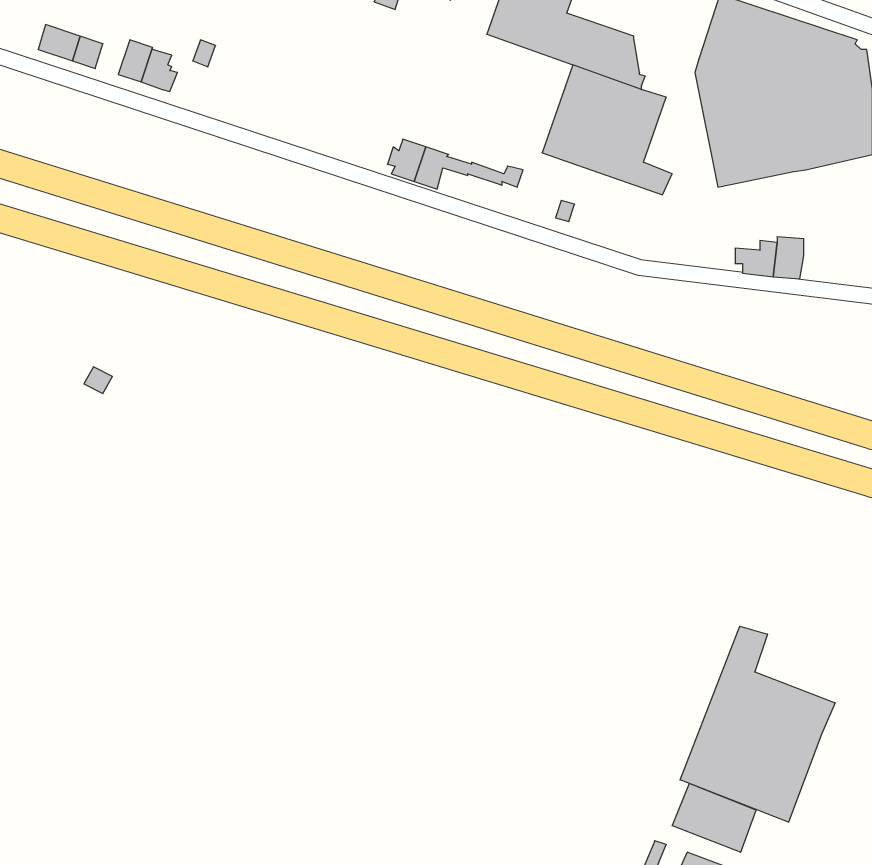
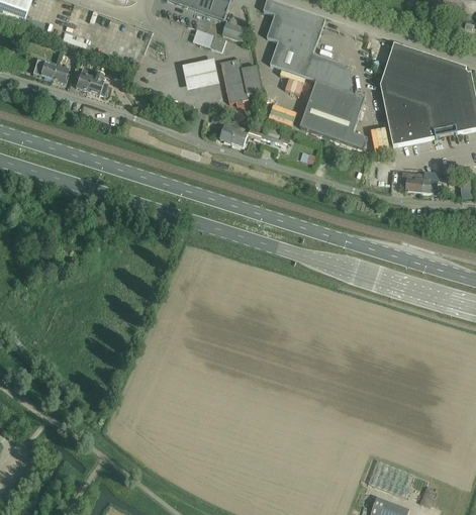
building: none -> [219,58,262,104]
building: none -> [182,59,217,89]
building: [680,626,835,822] -> none

